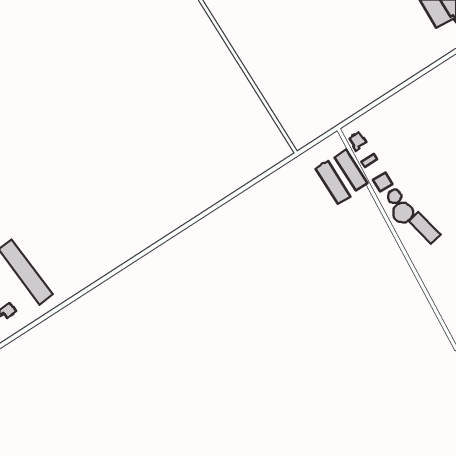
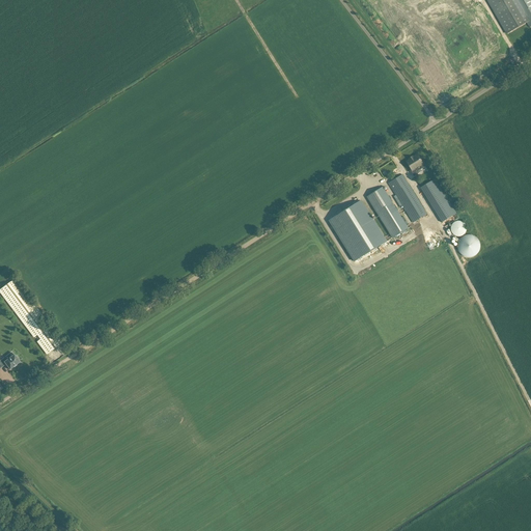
building: none -> [328,200,385,260]
building: [409,212,441,244] -> none

